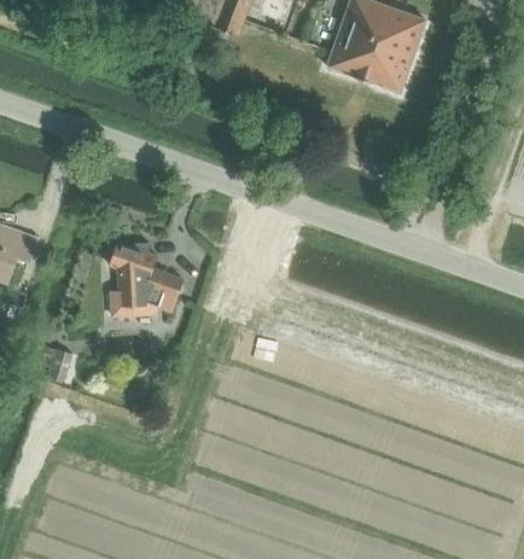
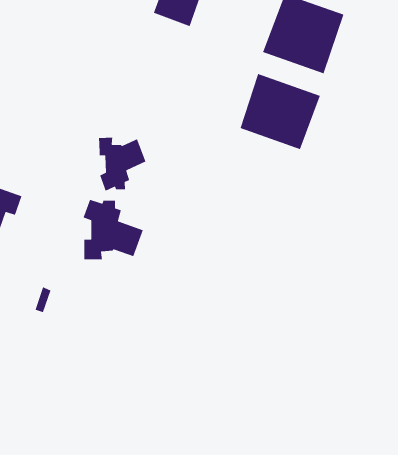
building: none -> [239,73,320,150]
building: none -> [98,137,147,192]

